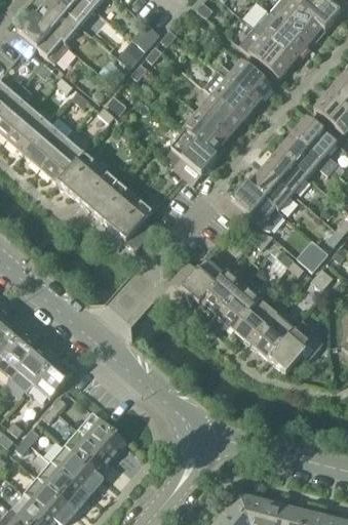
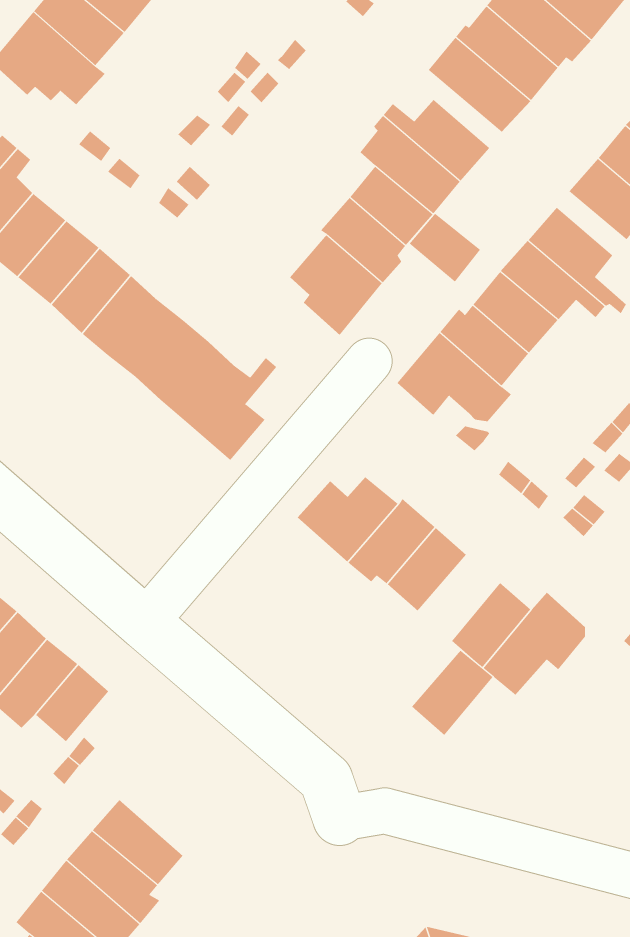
building: none -> [409,213,481,282]
building: [234,300,277,346] -> [411,650,493,736]
building: [77,412,125,458] -> none

